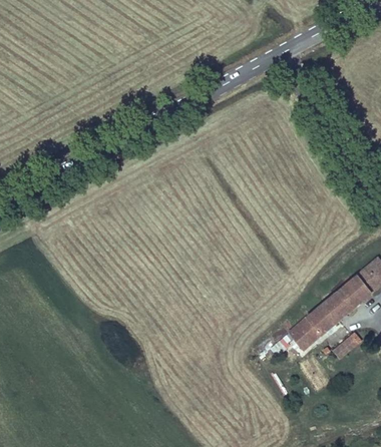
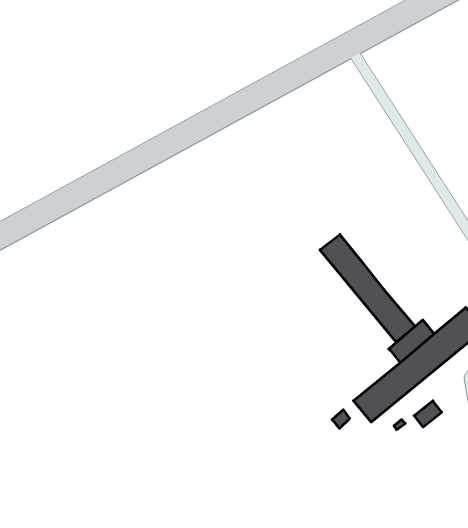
building: none -> [320,234,415,342]

